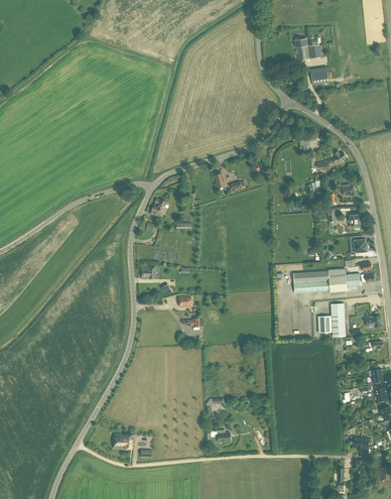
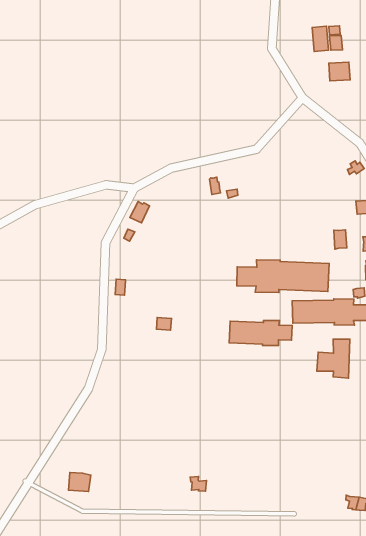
building: none -> [237,260,329,292]
building: none -> [229,320,292,346]

